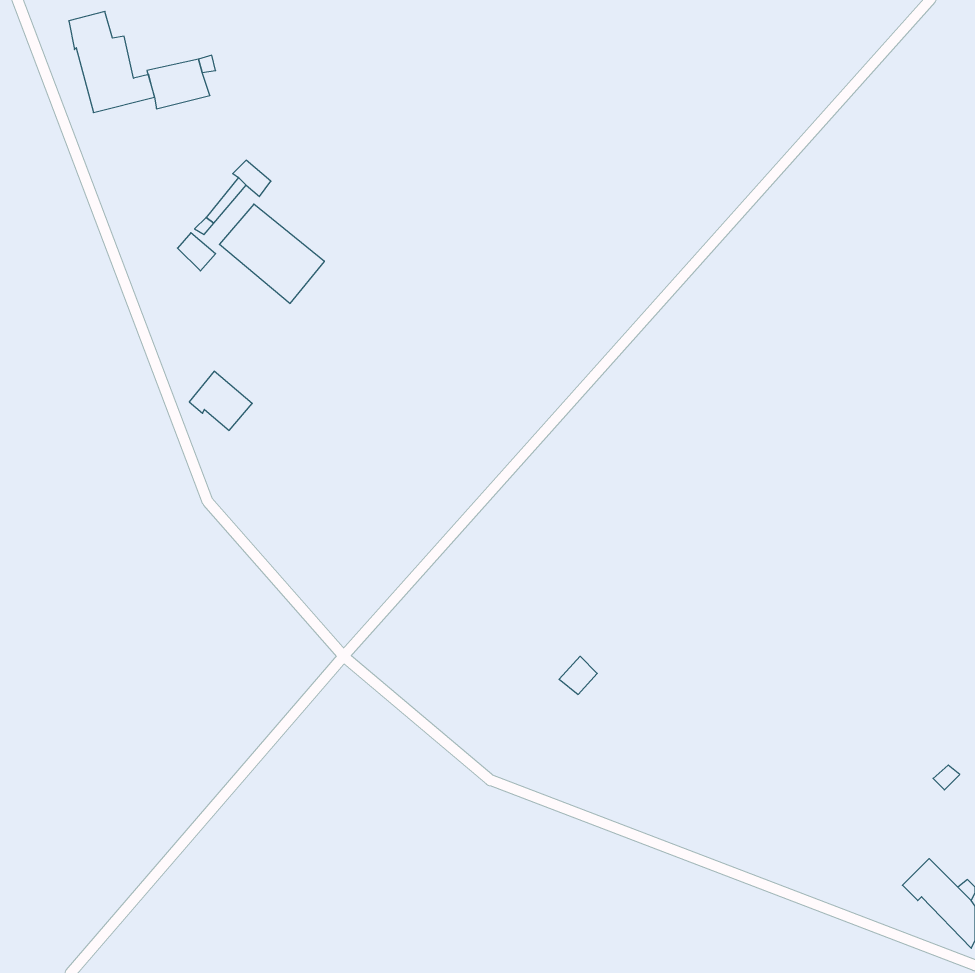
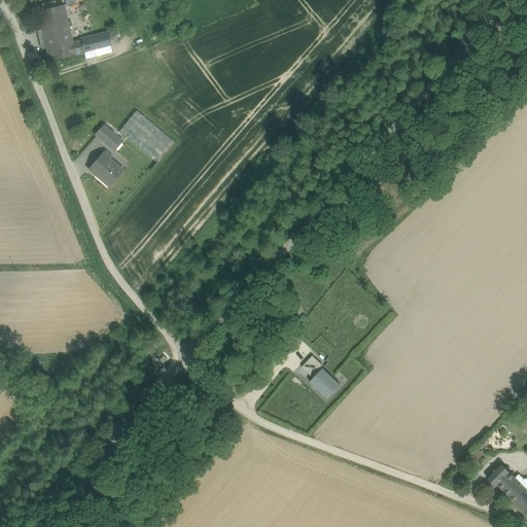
building: [189,371,252,430] -> [89,152,122,184]
building: none -> [310,368,340,398]

